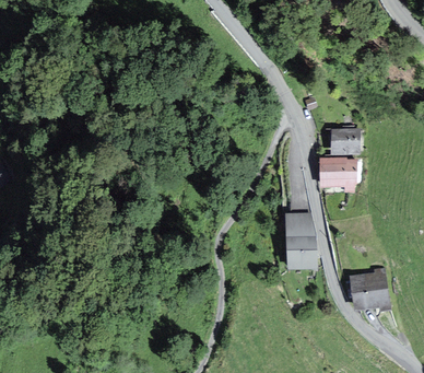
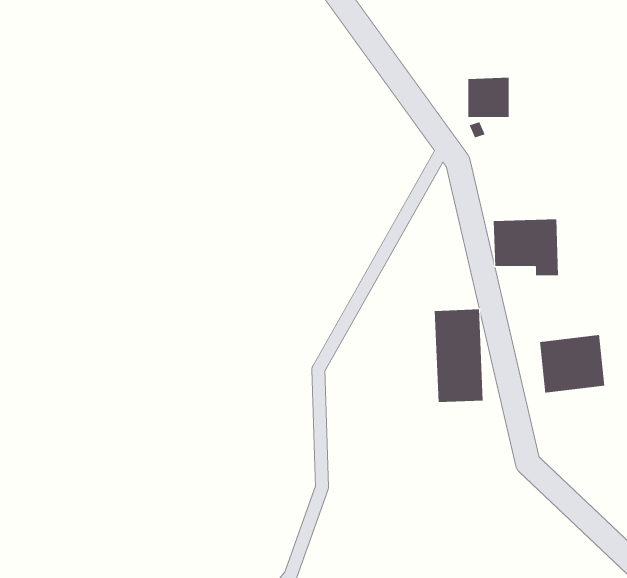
building: [332,129,357,153] -> [467,77,510,117]
building: [349,271,388,306] -> [539,334,605,393]

